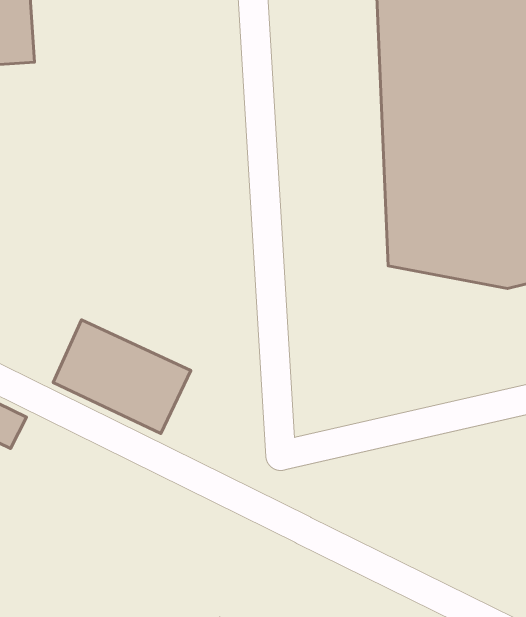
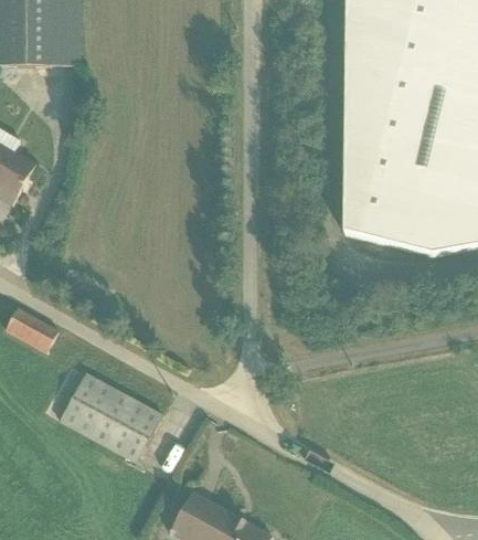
building: [53,320,191,434] -> [59,372,163,462]

